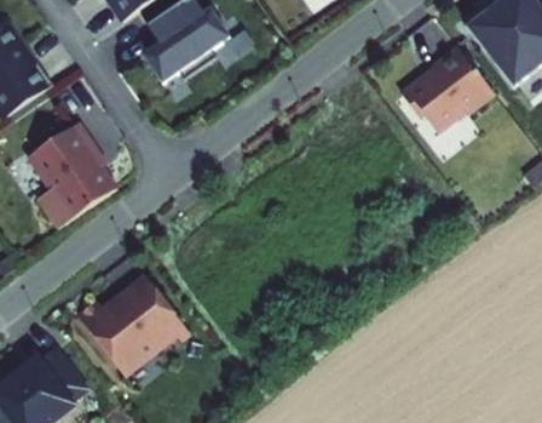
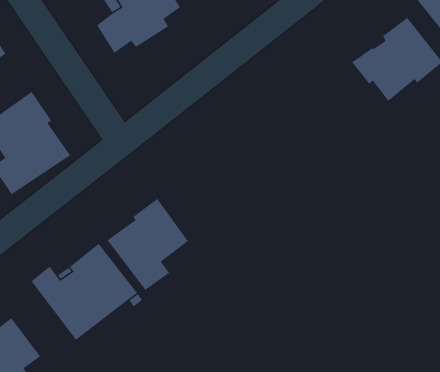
building: none -> [106,198,189,291]

